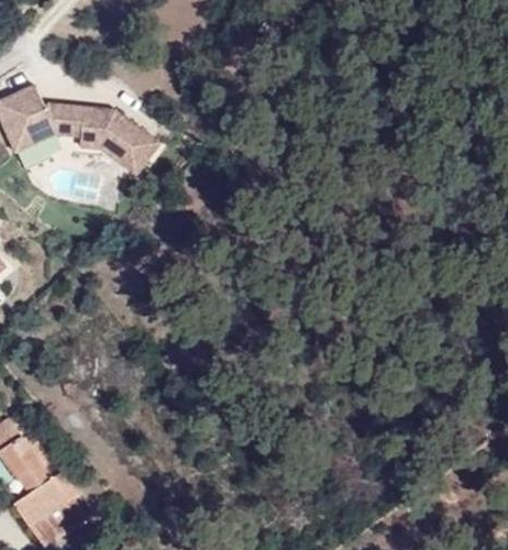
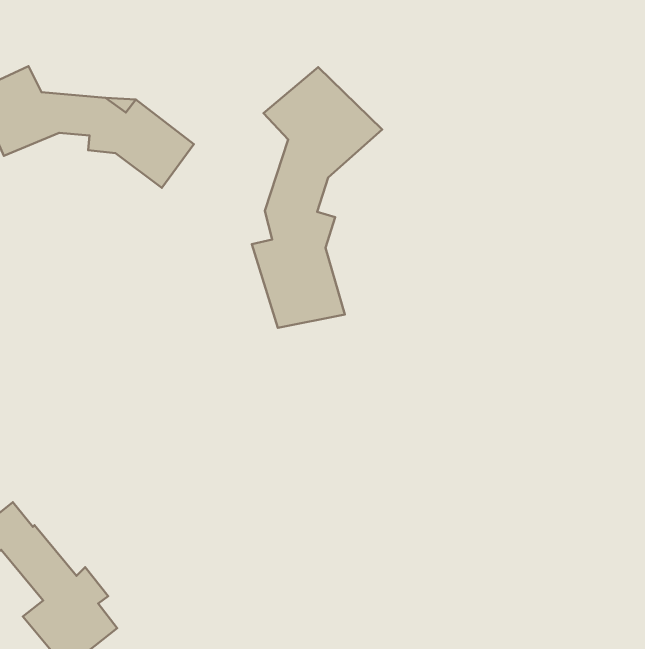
building: none -> [252,67,382,328]

